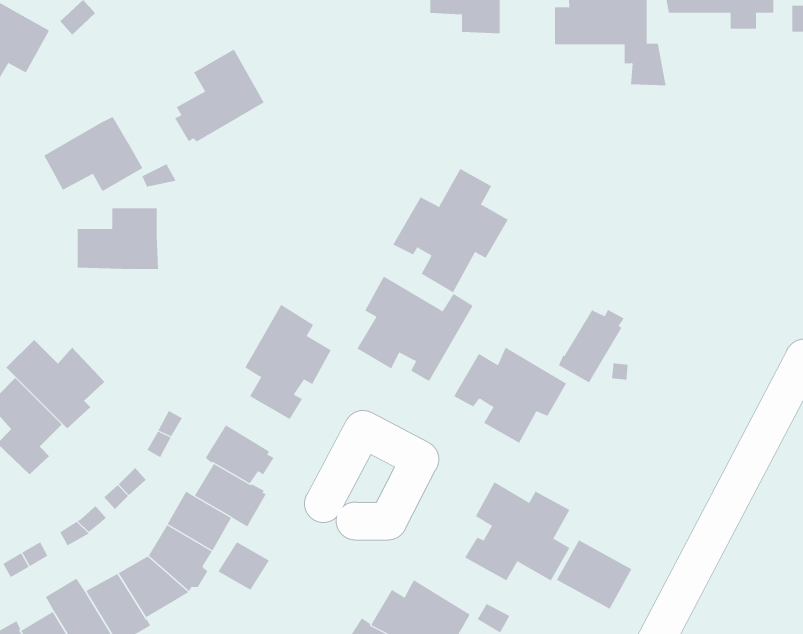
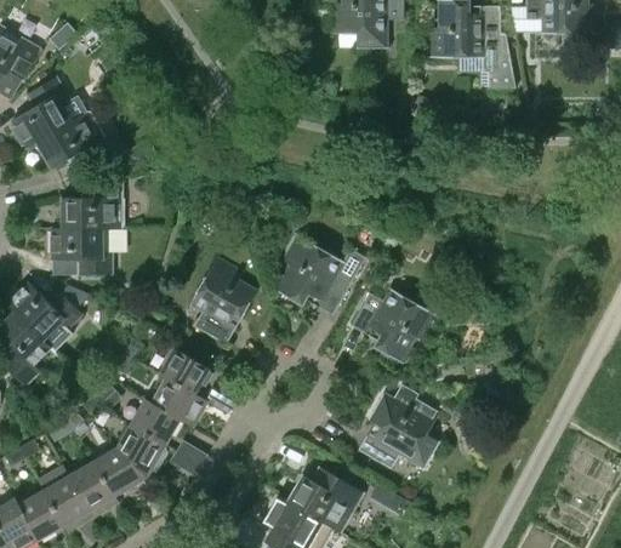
building: [174,49,264,142] -> [11,75,80,147]
building: [393,168,509,293] -> none
building: none -> [52,228,114,275]
building: [558,309,624,383] -> none
building: [556,540,632,609] -> none

